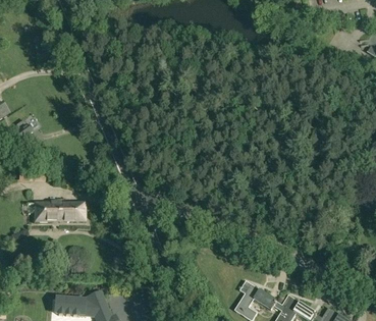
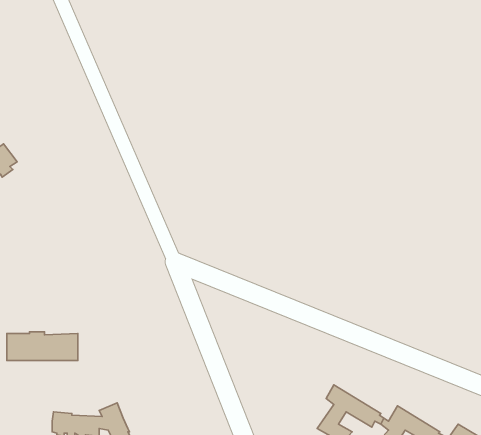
building: [37,202,85,221] -> [7,332,78,361]

